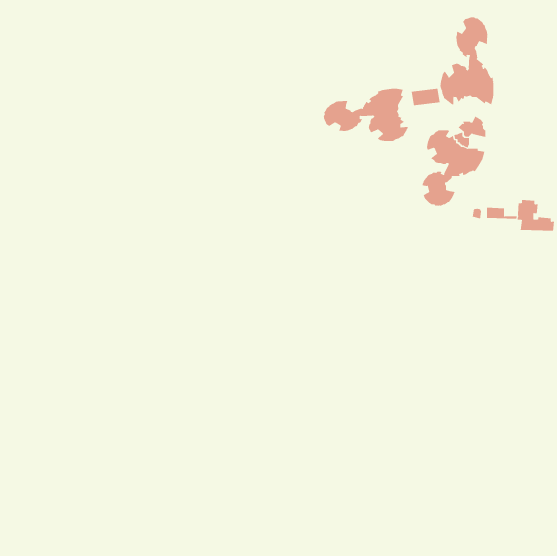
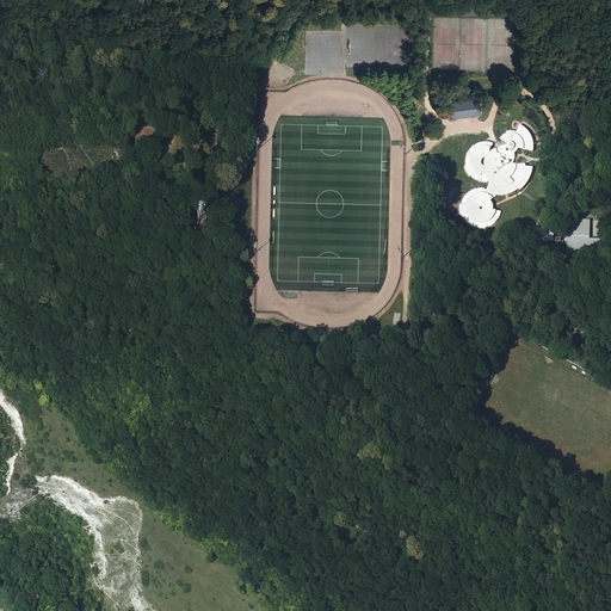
building: [440,17,494,105] -> none
building: [323,88,408,142] -> none

